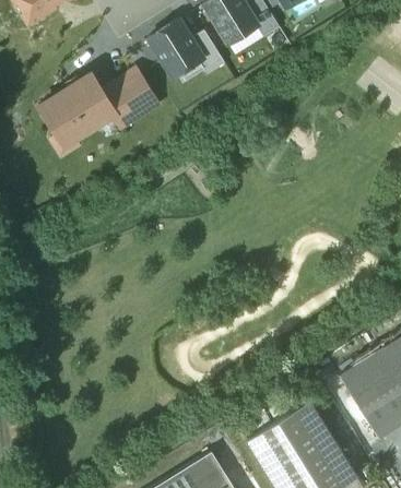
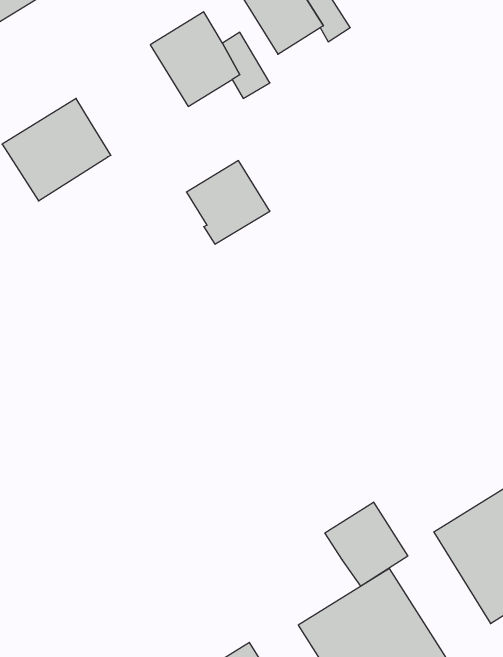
building: [102,70,160,128] -> [186,161,270,244]
building: none -> [325,502,408,586]

